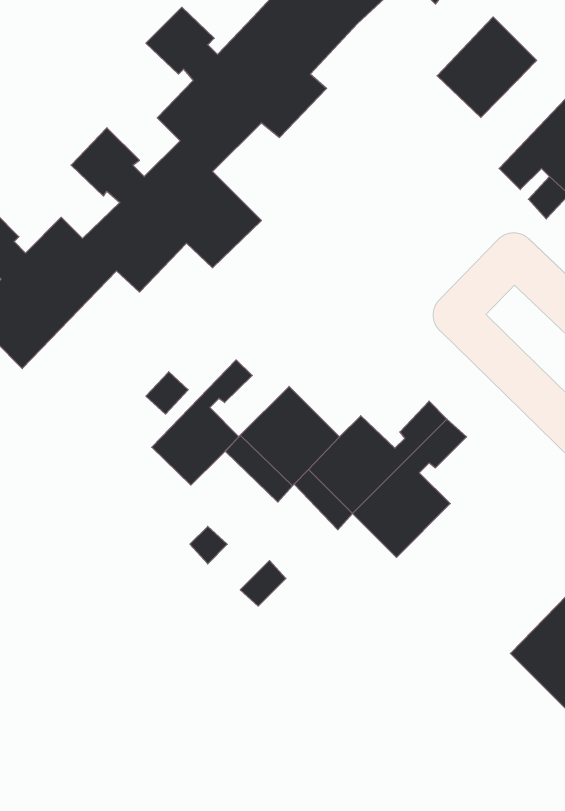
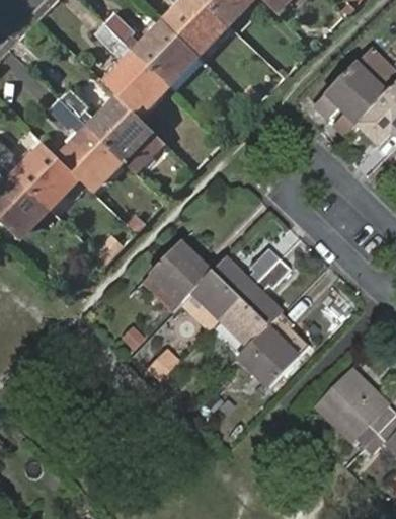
building: [437,17,537,117] -> none
building: [152,360,252,485] -> none
building: none -> [241,316,311,390]

